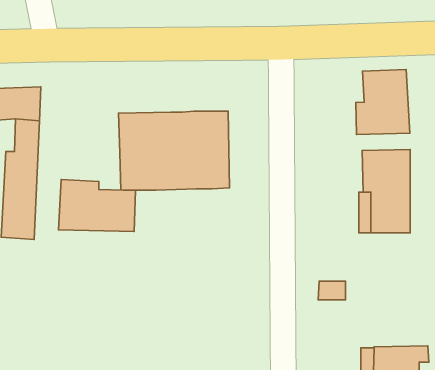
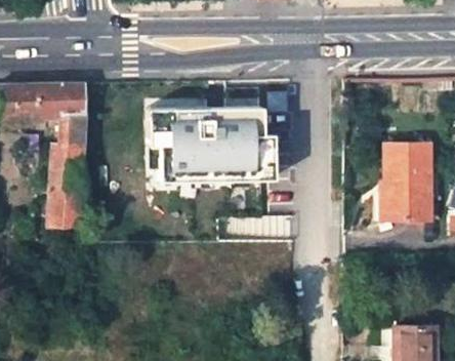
building: [356,70,410,134] -> none
building: [59,179,135,232] -> none

